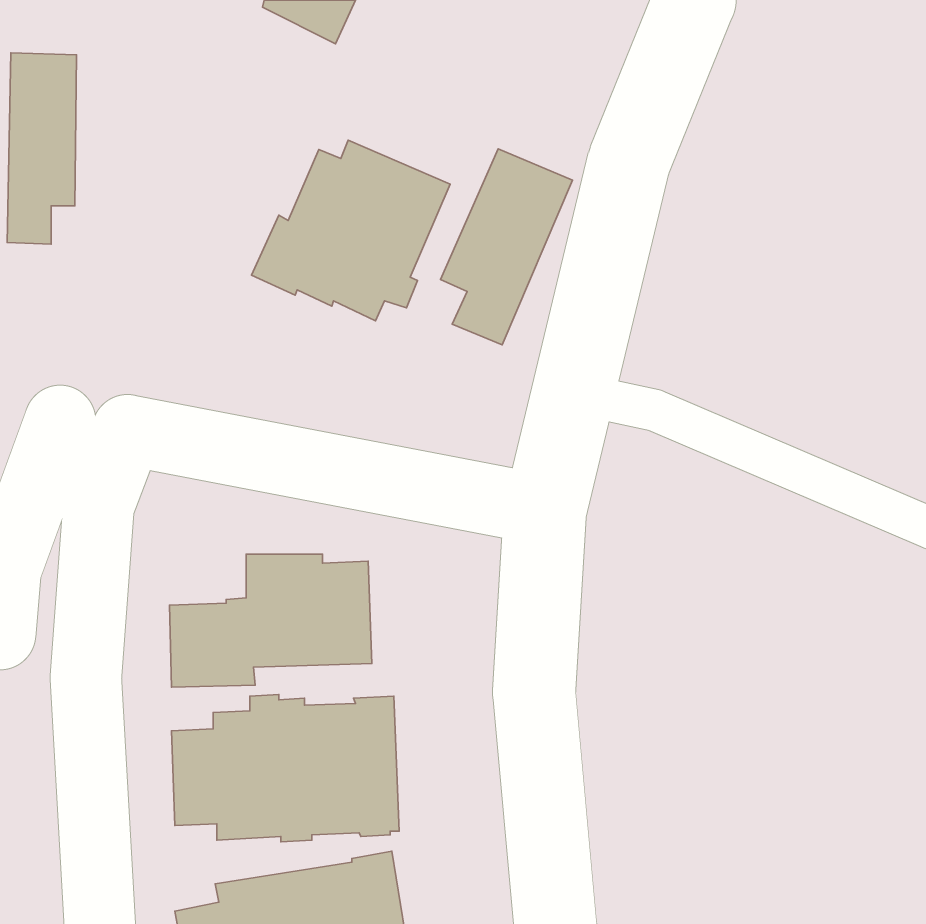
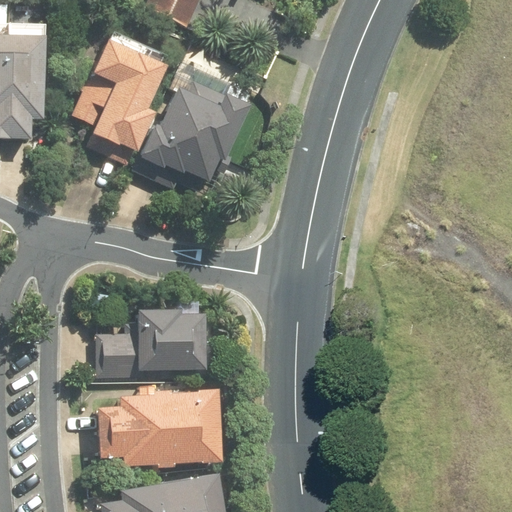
building: none -> [72,37,167,166]
building: [441,149,573,345] -> none

